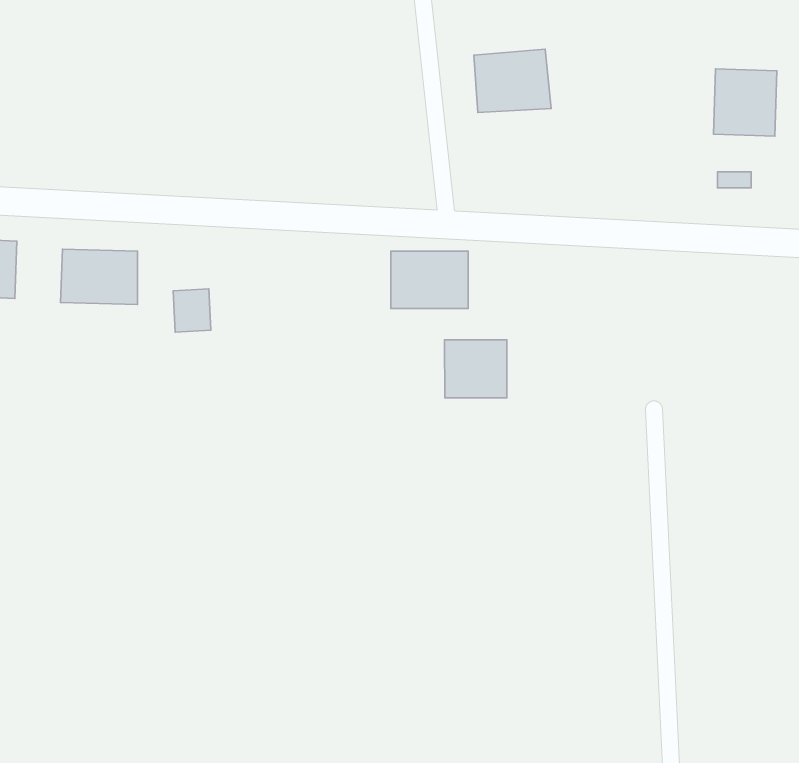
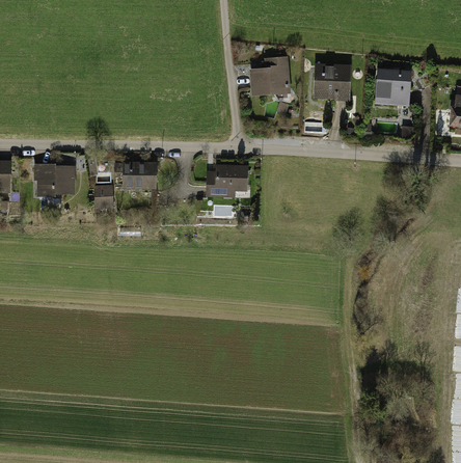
building: none -> [315,64,352,100]
building: none -> [115,162,157,191]
building: [445,340,507,398] -> none

